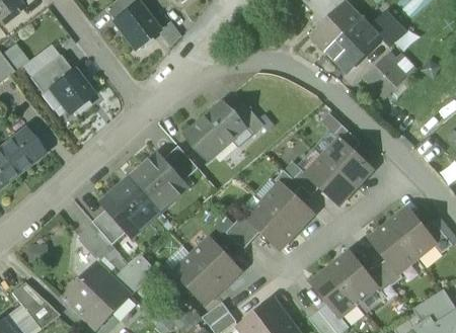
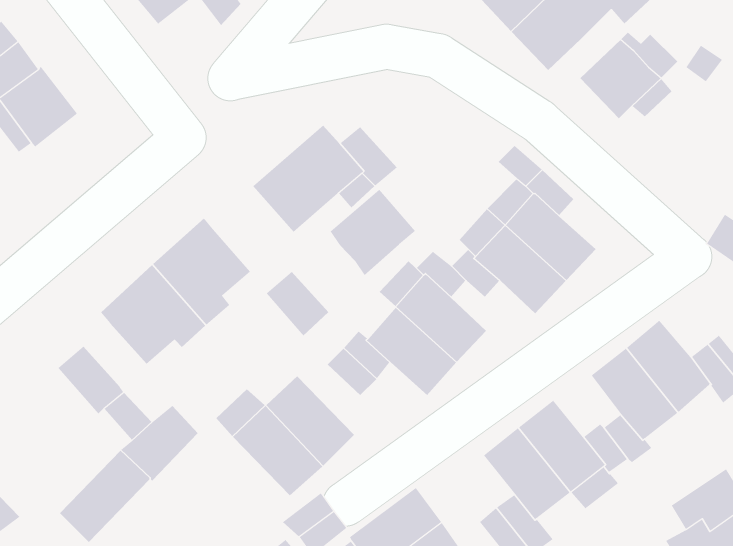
building: none -> [330,189,416,276]
building: [165,146,200,181] -> [266,271,329,336]
building: [94,210,129,244] -> none
building: [65,263,115,313] -> none

